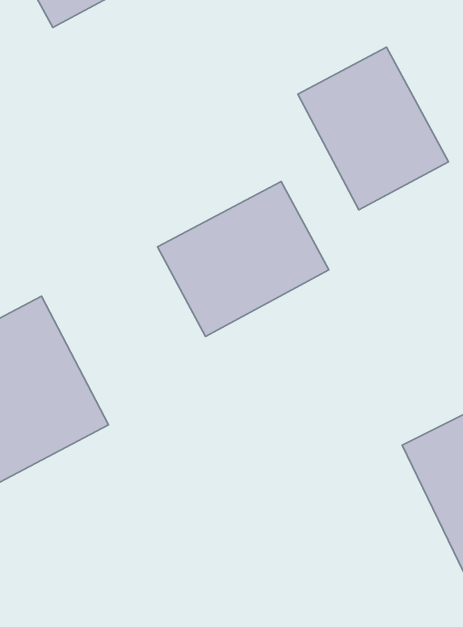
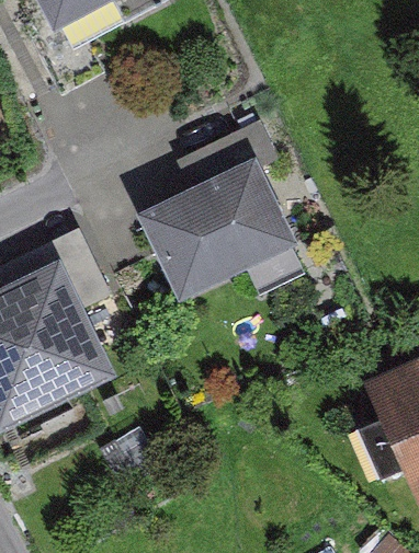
building: [298,47,448,210] -> none

